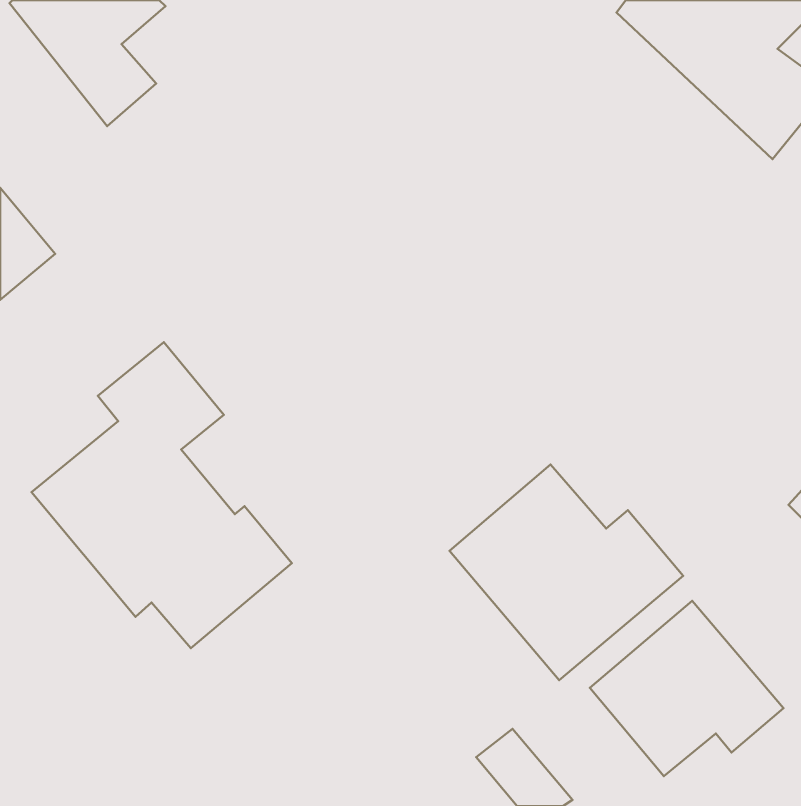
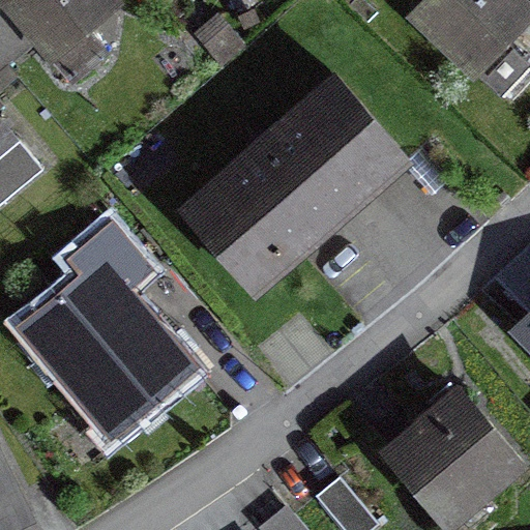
building: none -> [182,76,400,284]
building: [450,465,683,680] -> none

